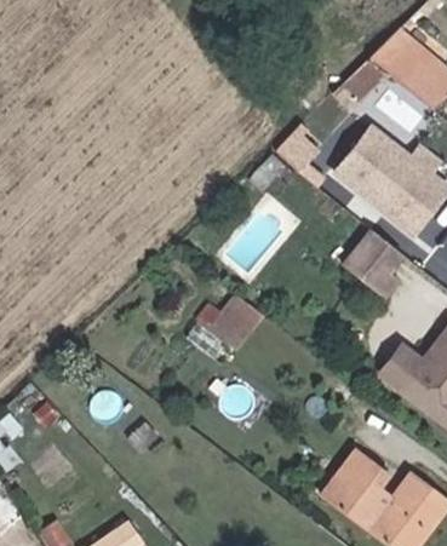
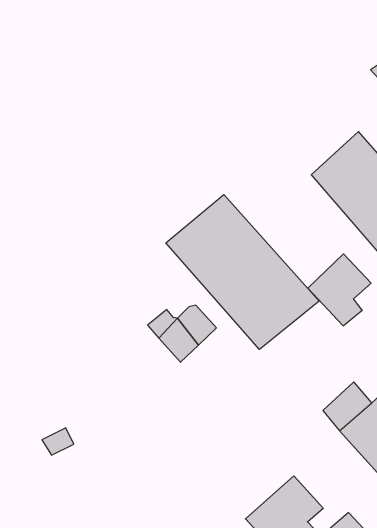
building: none -> [166,195,319,349]

